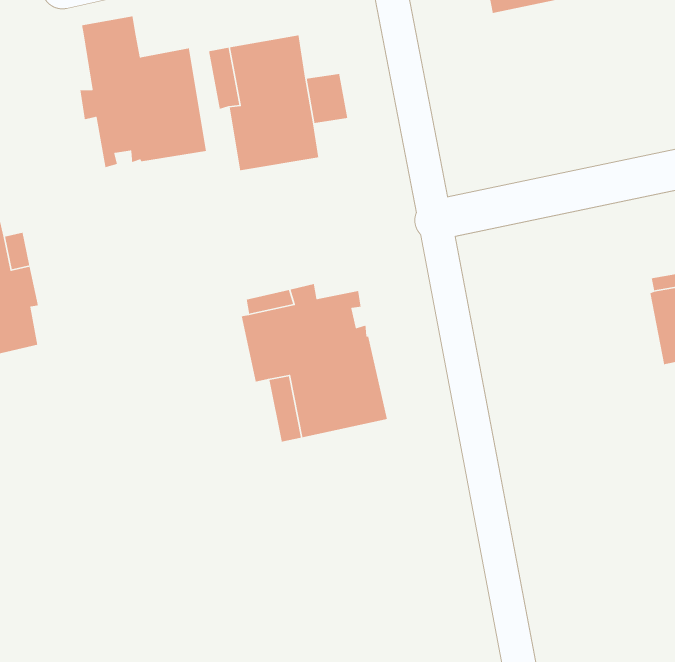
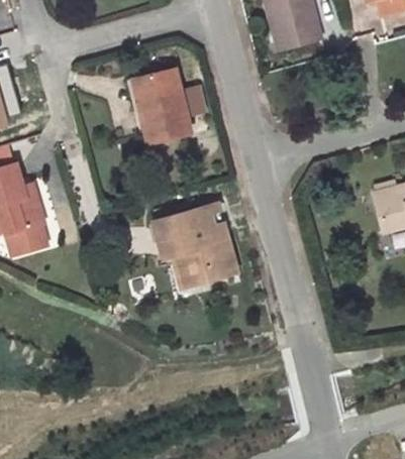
building: [79,16,207,168] -> none

